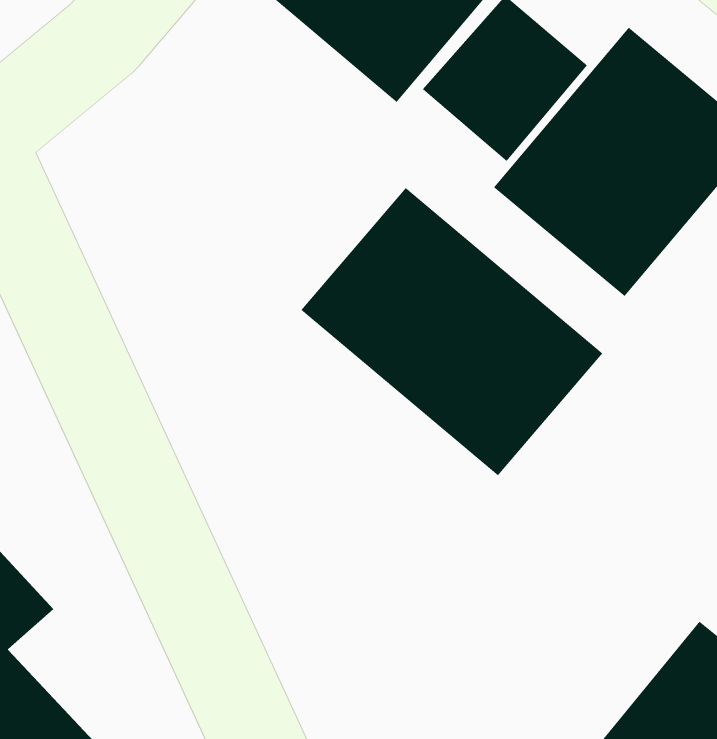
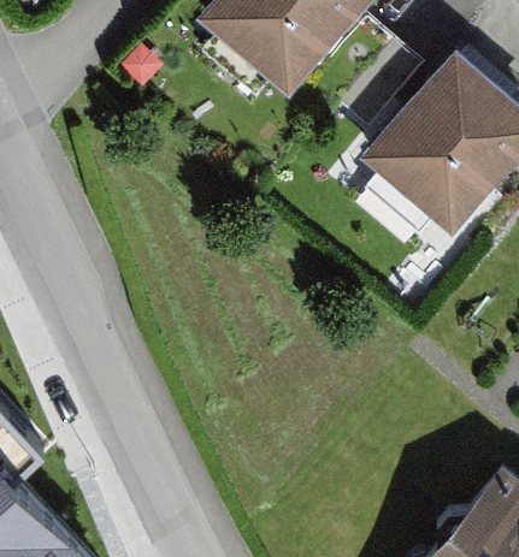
building: [300,187,603,476] -> none

